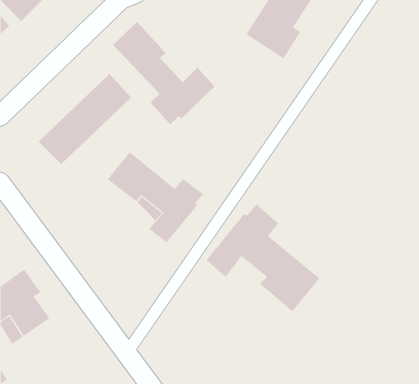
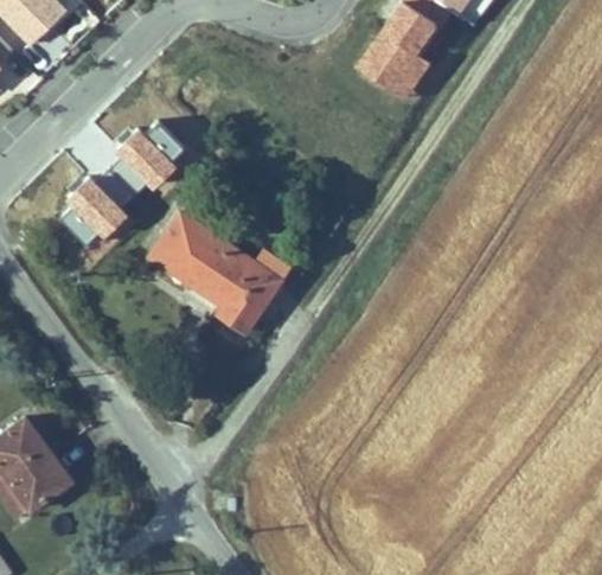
building: [112,21,215,125] -> none
building: [206,203,320,312] -> none

